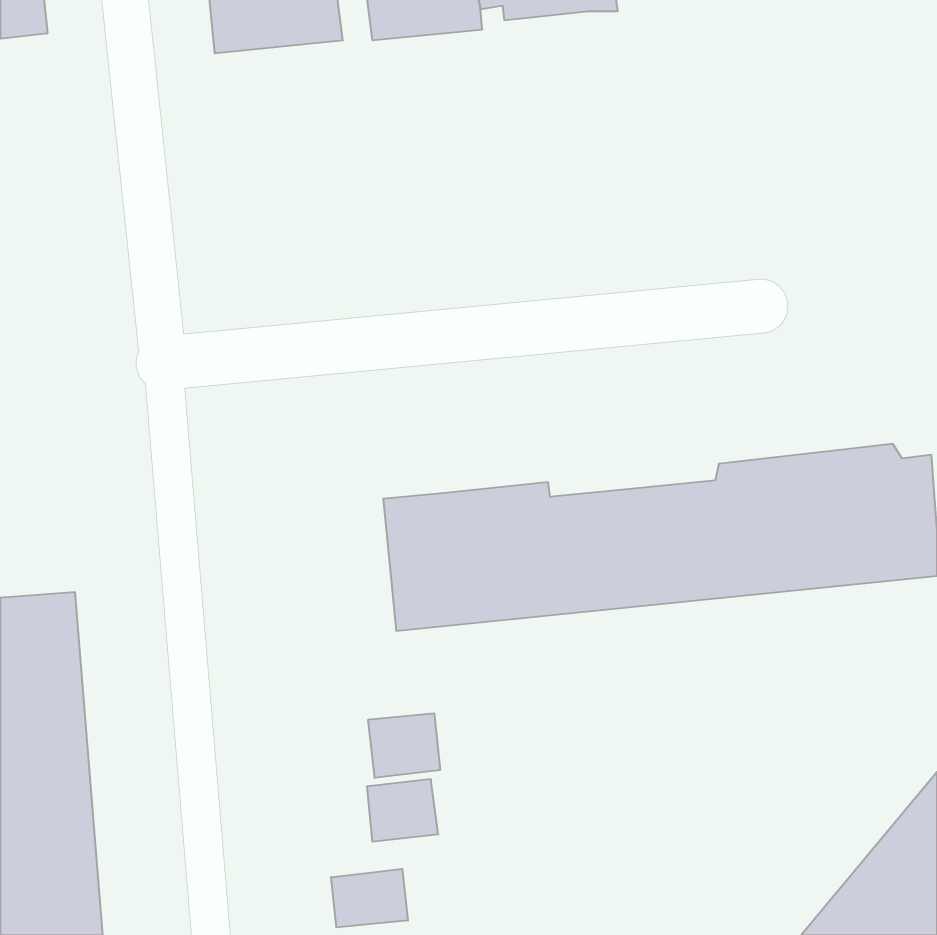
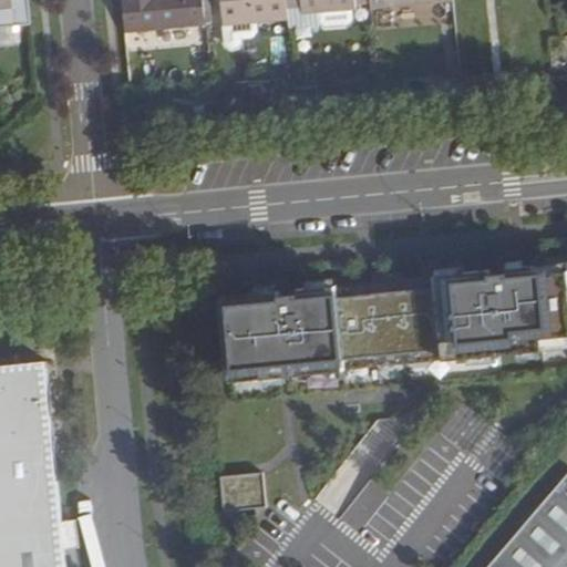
building: [368,713,440,778] -> none
building: [331,869,408,927] -> none

